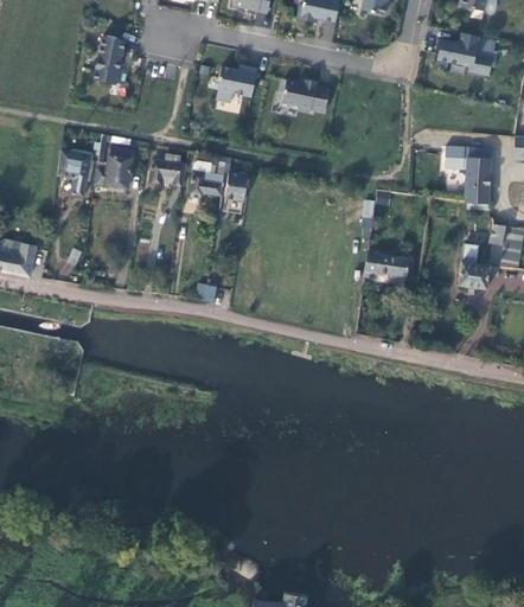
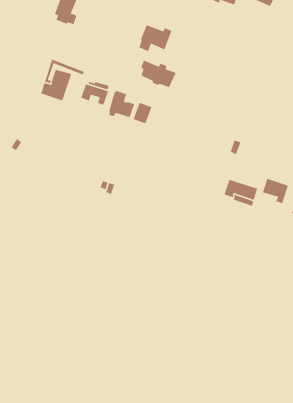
building: [281,79,331,111] -> [140,60,177,88]
building: [58,149,92,197] -> none
building: none -> [262,178,289,204]

